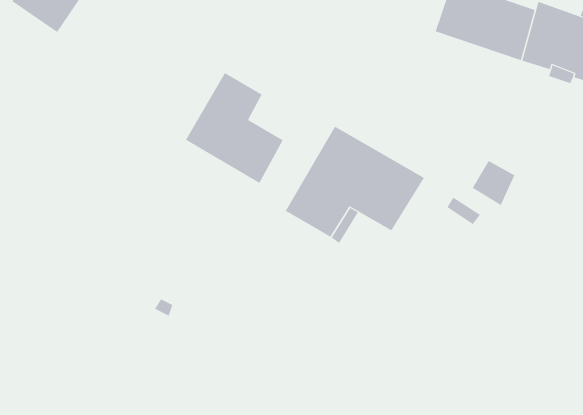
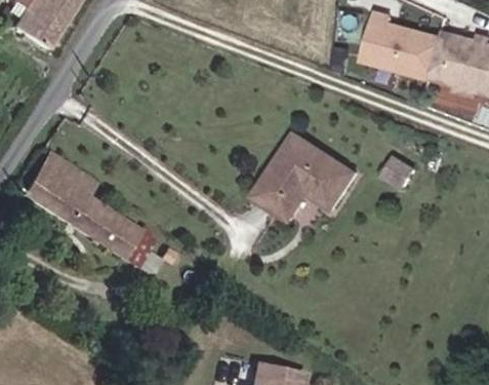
building: [185,72,283,184] -> none
building: none -> [31,153,152,264]

